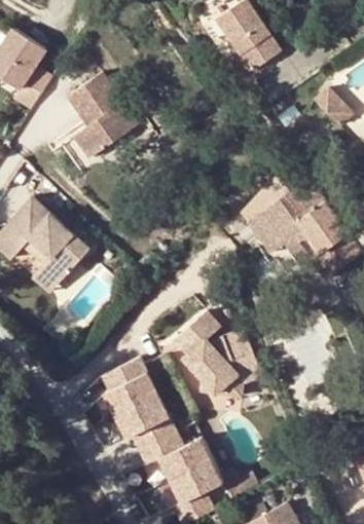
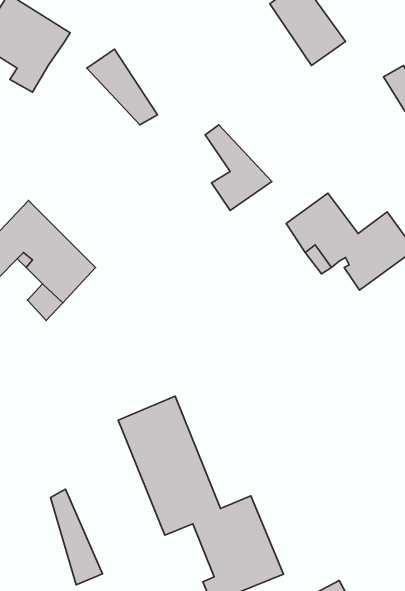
building: [66,84,120,154] -> [205,125,272,210]
building: [174,311,262,399] -> none
building: none -> [50,489,102,585]

